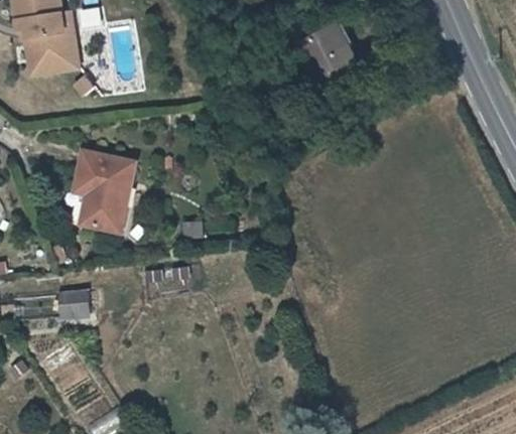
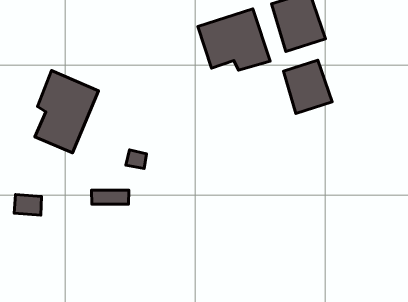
building: none -> [198,9,270,70]
building: none -> [283,60,332,114]

